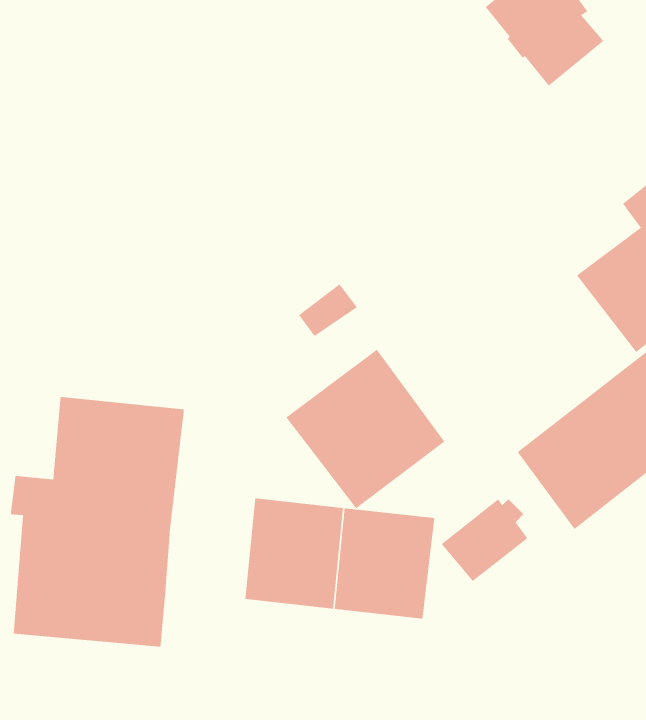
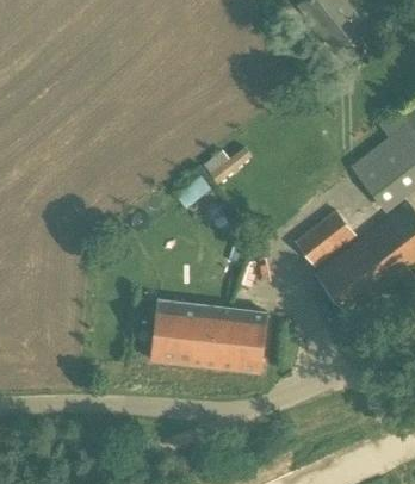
building: [286,349,445,509] -> none
building: [10,396,184,647] -> none
building: [441,498,528,582] -> [302,213,354,263]

